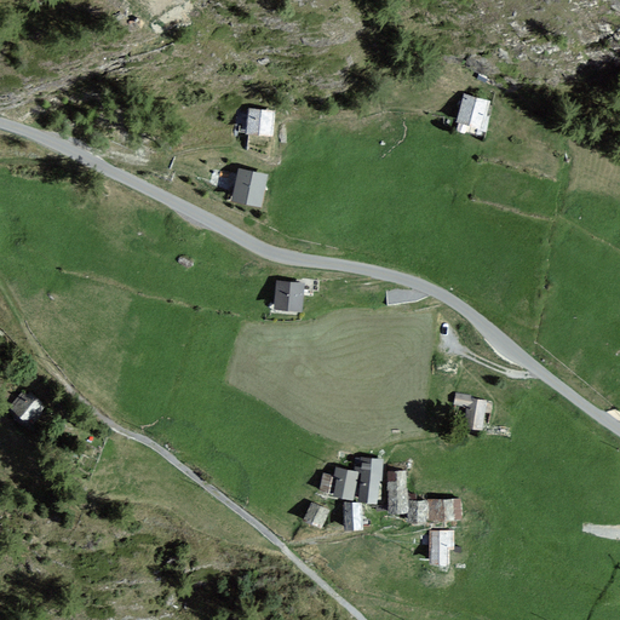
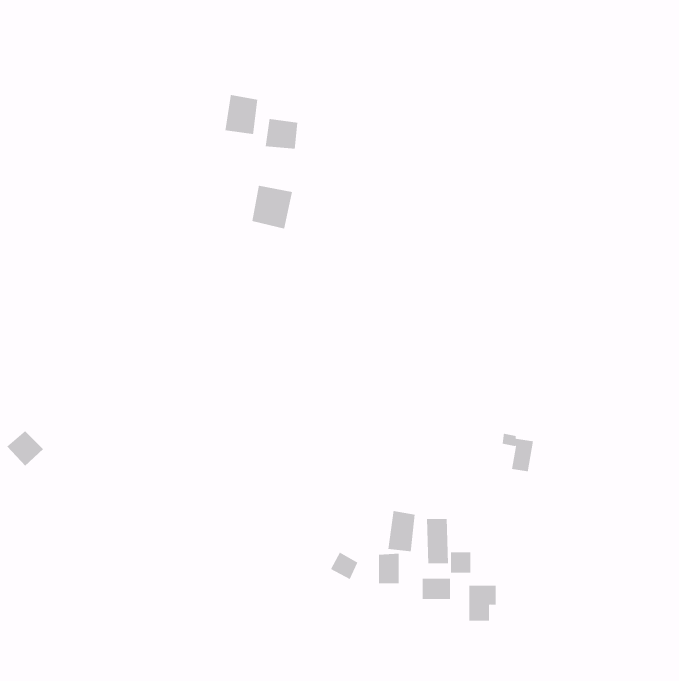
building: none -> [225,94,258,135]
building: [454,94,488,131] -> none
building: [274,281,303,312] -> none
building: [327,467,356,499] -> none
building: [434,500,460,519] -> [422,578,451,600]

